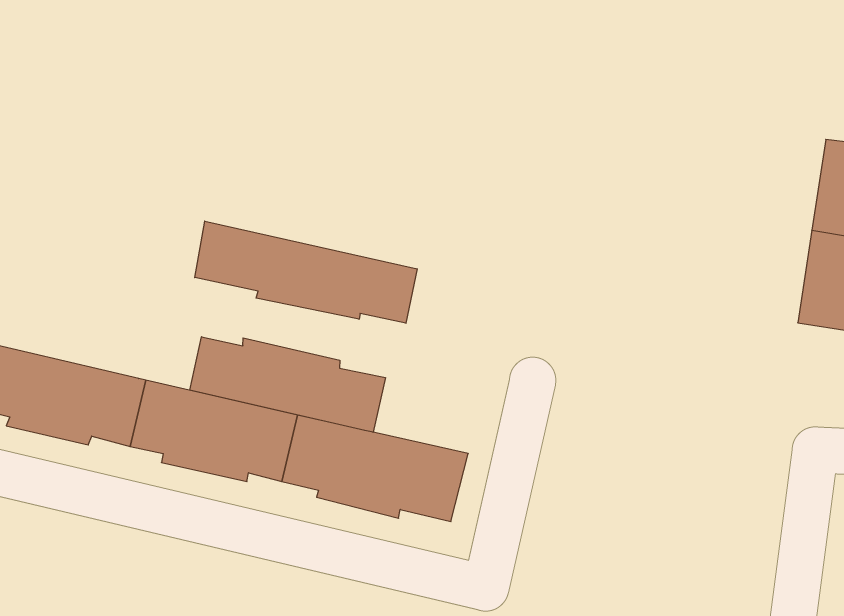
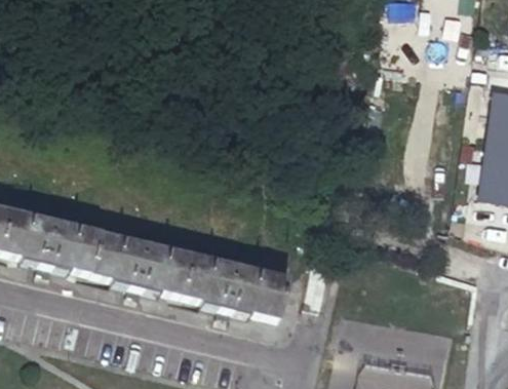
building: [195,221,417,323] -> none
building: [190,337,385,432] -> none

